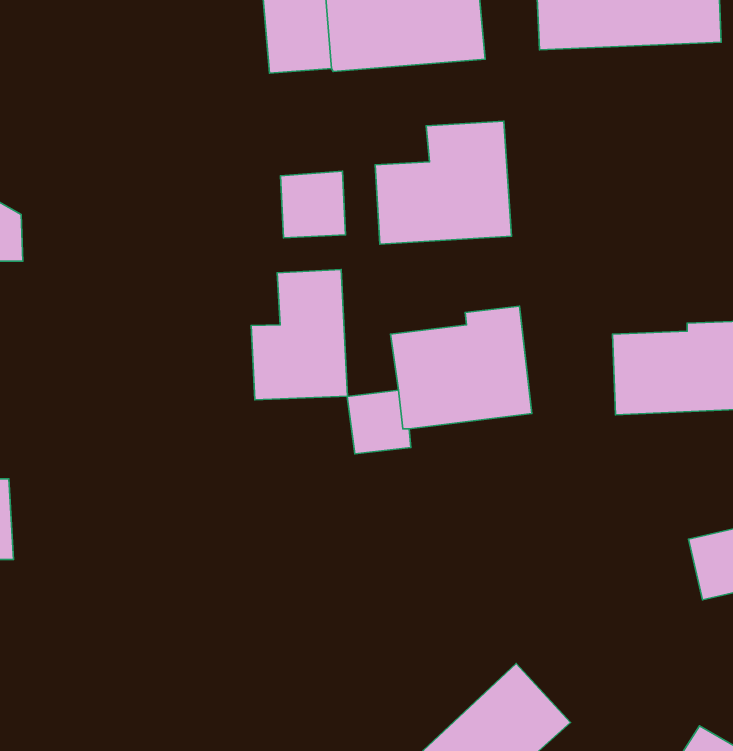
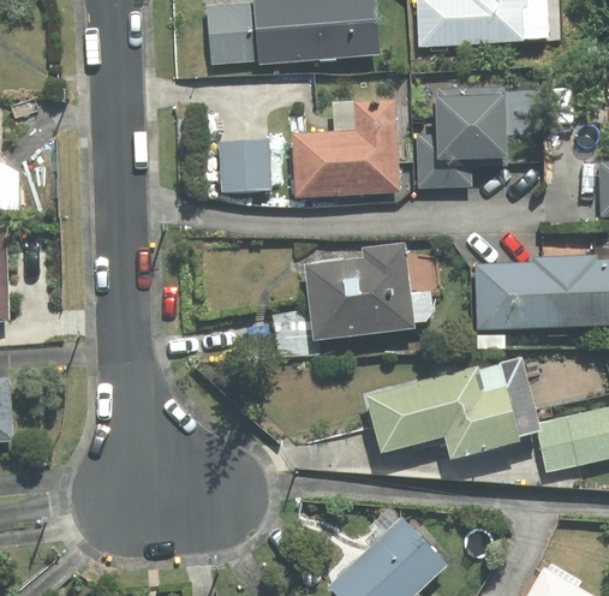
building: none -> [418,87,507,187]
building: [251,270,348,400] -> none
building: none -> [366,359,535,458]

